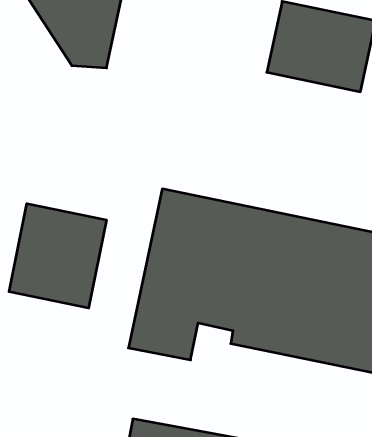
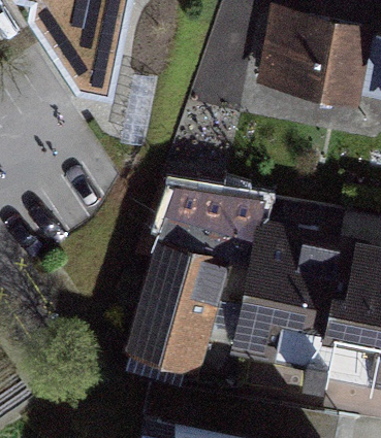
building: [9,204,106,308] -> none

